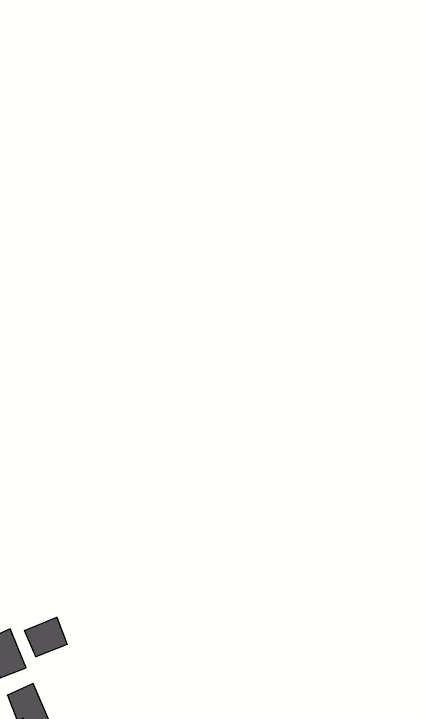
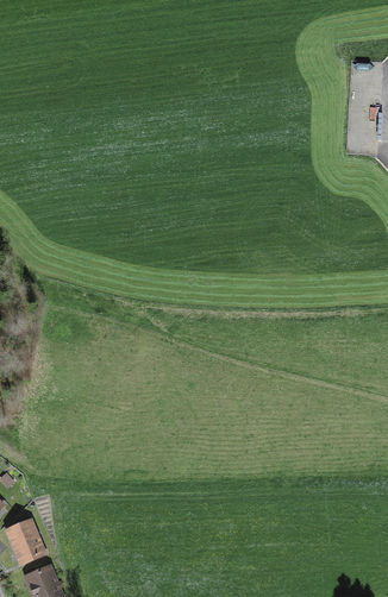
building: [25,617,67,657] -> none

